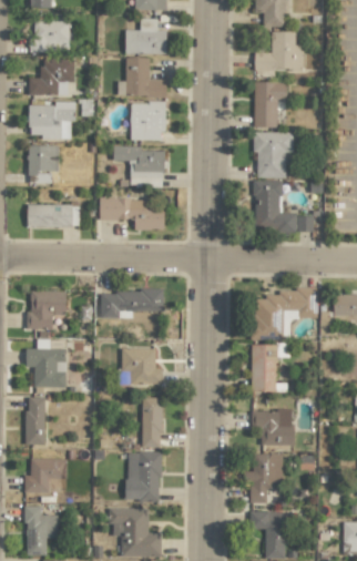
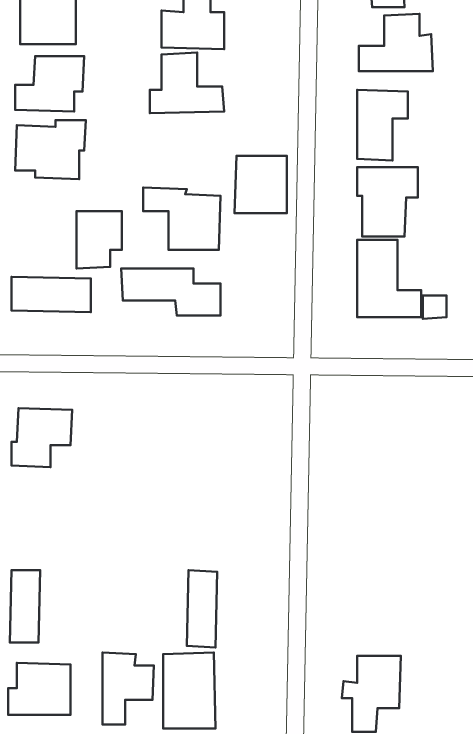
building: [130,102,164,140] -> [235,156,287,213]
building: [29,145,59,183] -> [76,211,122,269]
building: [253,288,318,339] -> none
building: [100,290,164,318] -> none
building: [251,344,277,391] -> none
building: [27,348,67,387] -> none
building: [121,348,162,384] -> none
building: [252,410,294,446] -> none
building: none -> [103,653,154,724]

